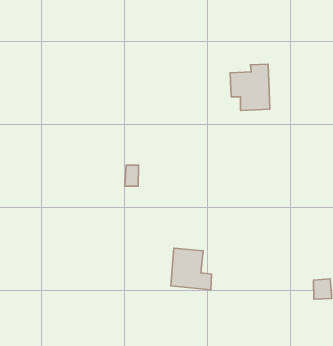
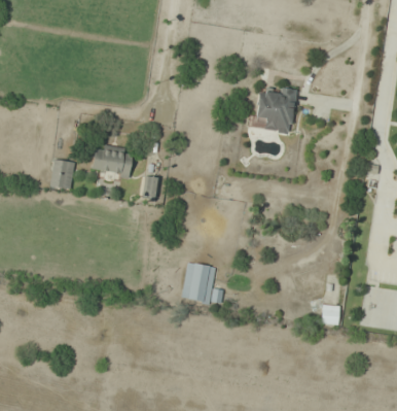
building: none -> [94,147,132,173]
building: none -> [50,160,74,189]

